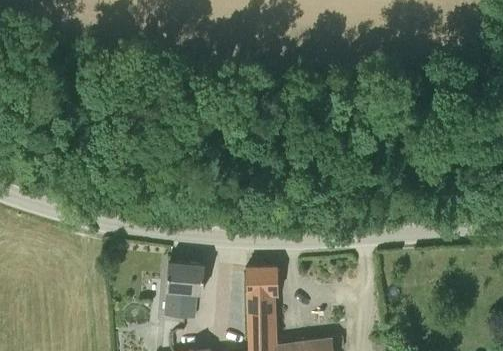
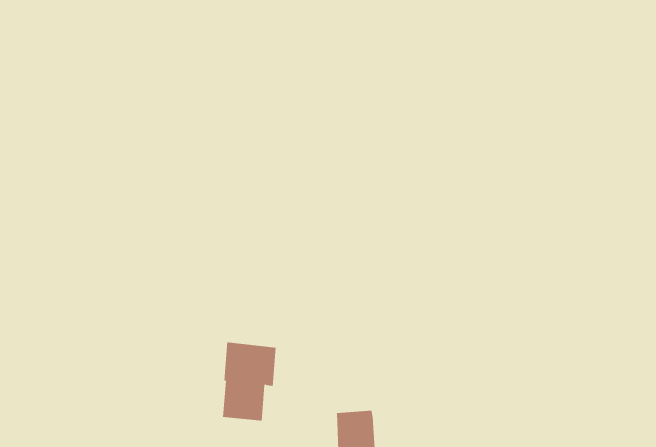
building: [246,266,278,312] -> none

